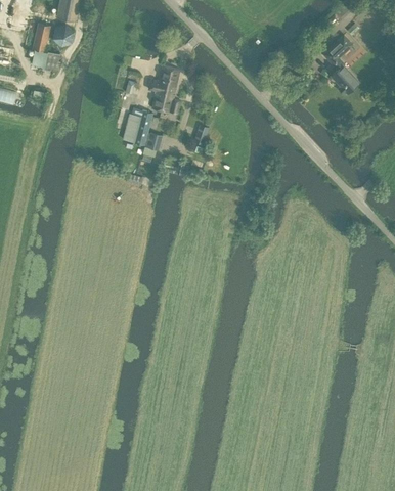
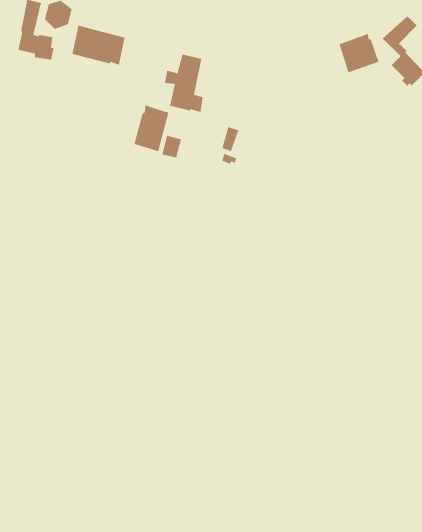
building: none -> [72,25,125,66]
building: none -> [339,33,379,73]

